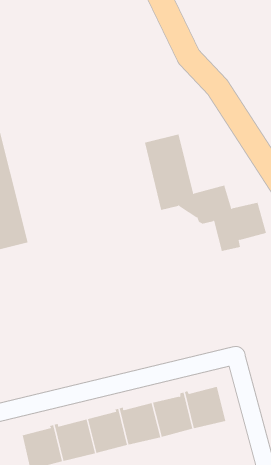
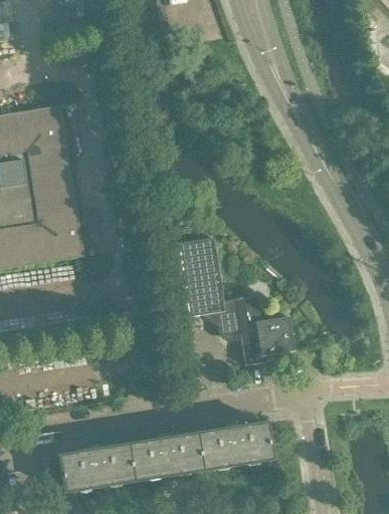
building: [144,134,267,252] -> [175,237,295,363]

